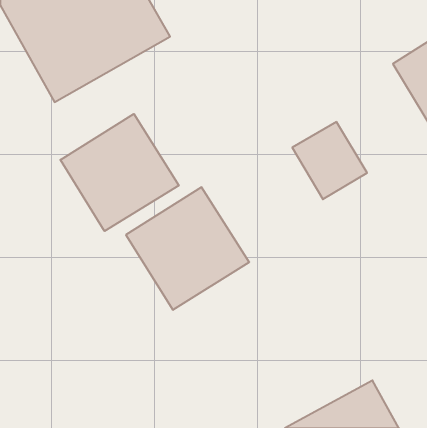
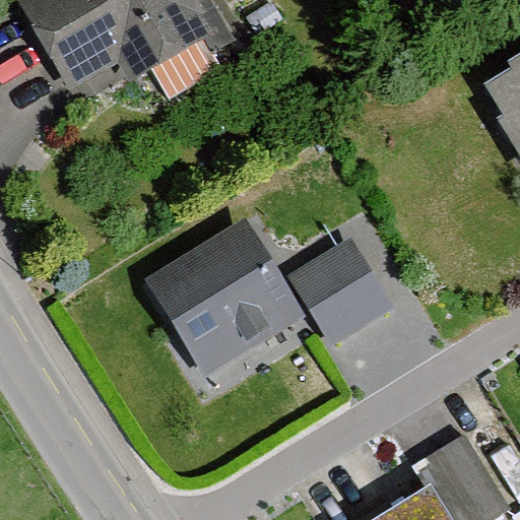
building: [60,114,179,231] -> none
building: [292,122,367,199] -> [306,243,395,335]

